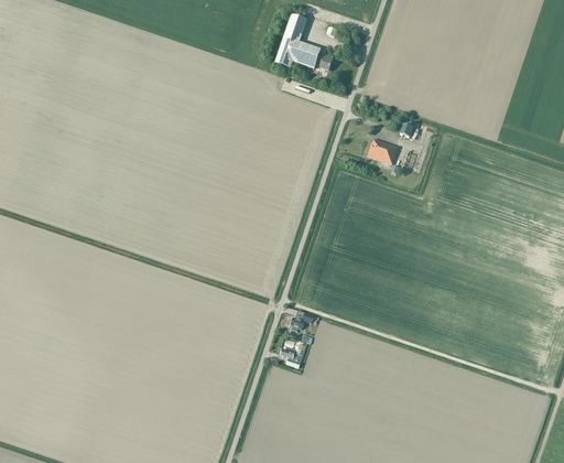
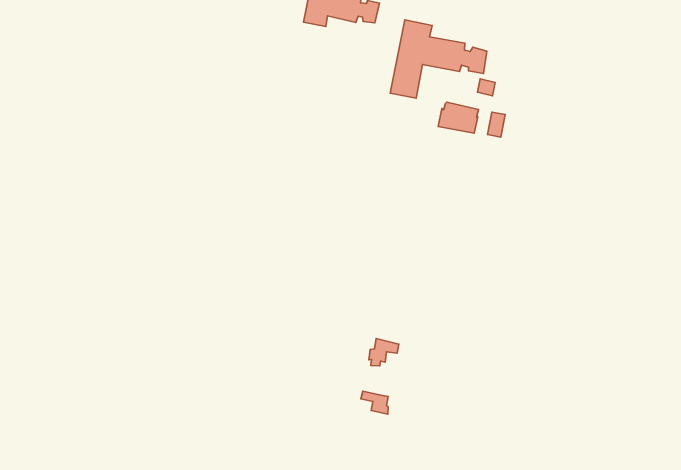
building: none -> [390,20,487,98]

